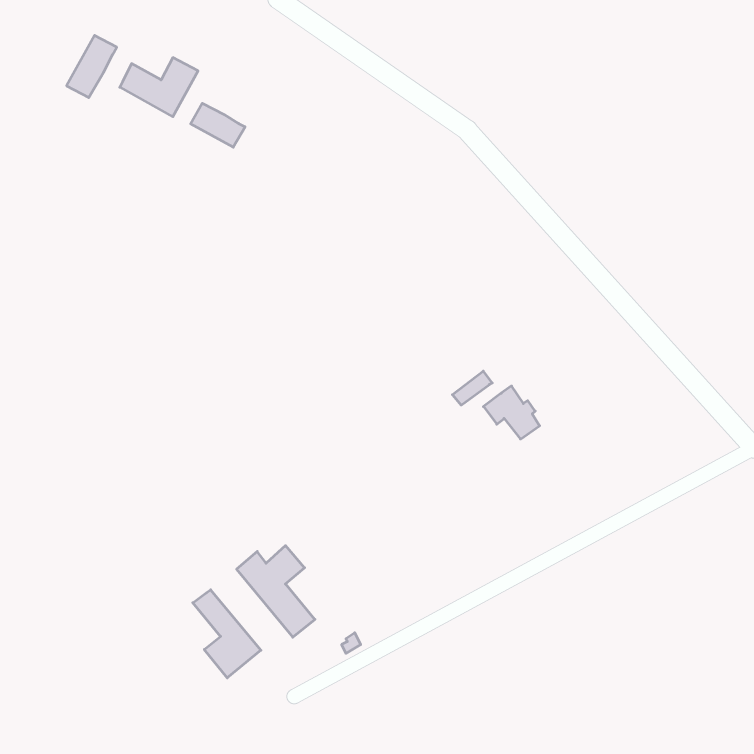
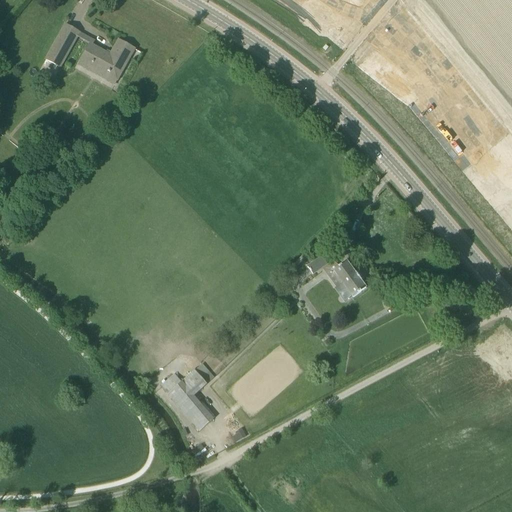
building: [191,103,245,147] -> none
building: [193,590,261,678] -> none

